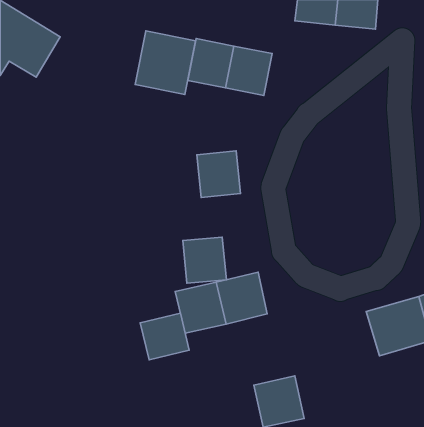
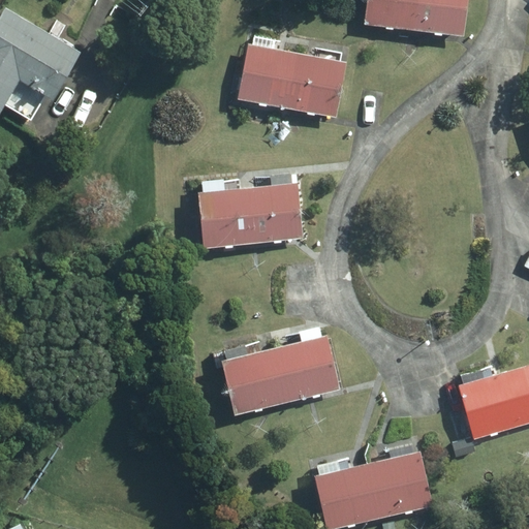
building: [135,31,196,95] -> none
building: [183,237,226,283] -> [199,191,253,248]
building: [140,313,189,360] -> none
building: none -> [369,453,431,517]

